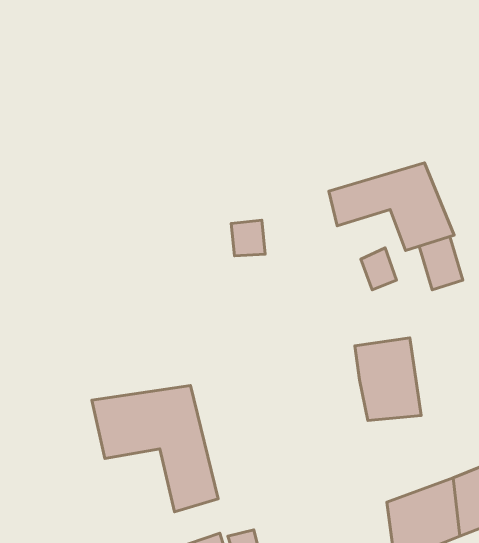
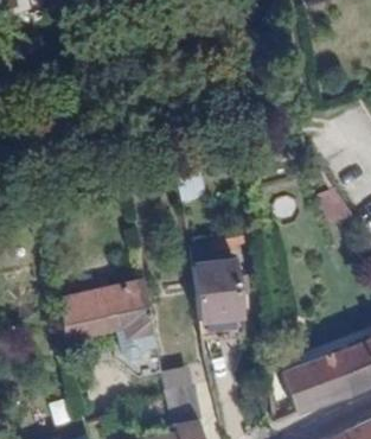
building: [329,163,454,251] -> none
building: [355,338,421,420] -> [196,257,244,318]

